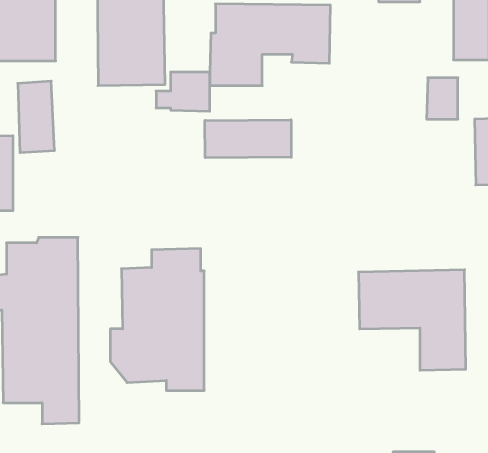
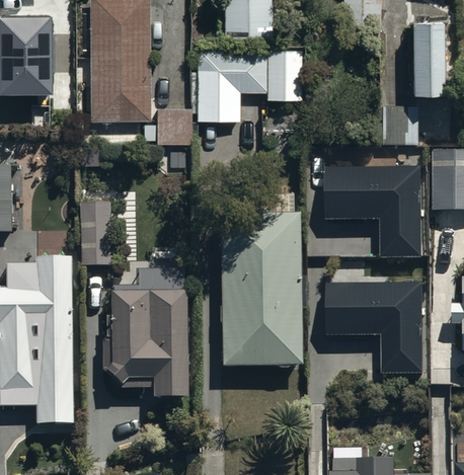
building: [18,81,55,153] -> [79,201,112,265]
building: [205,120,291,158] -> none
building: none -> [324,169,421,259]
building: none -> [220,211,301,362]

